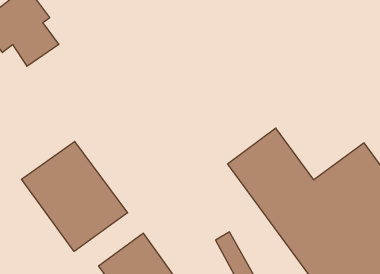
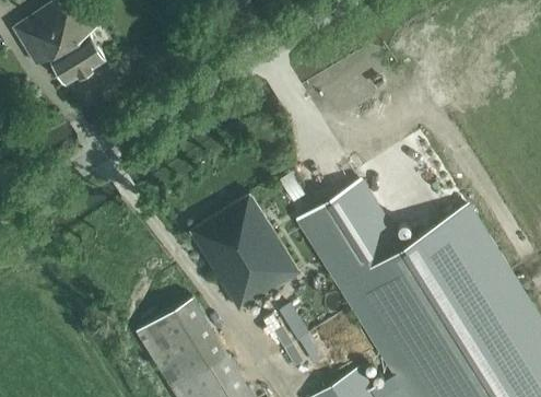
building: [22,141,128,251] -> none
building: none -> [190,195,299,312]

